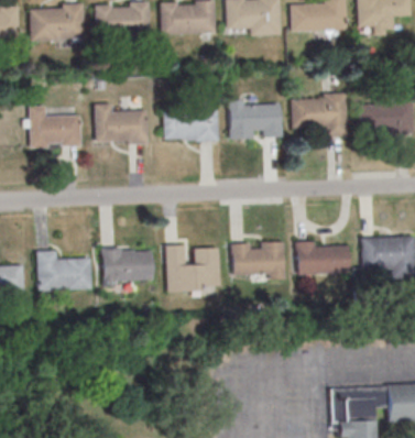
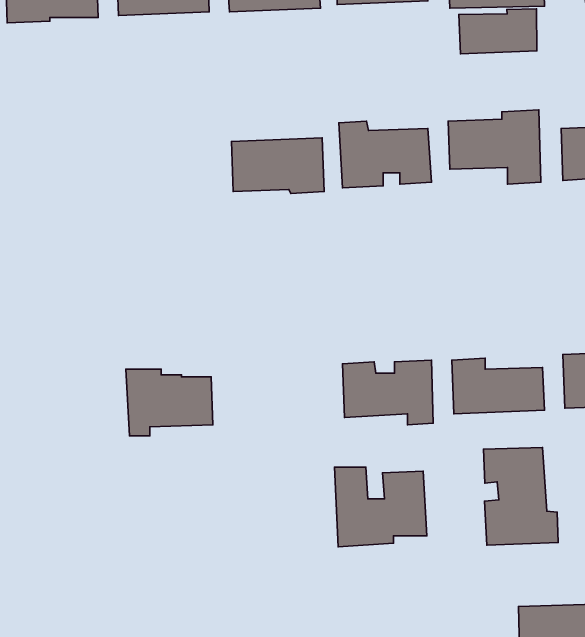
building: none -> [459,9,537,54]
building: [35,107,84,147] -> none
building: [94,109,149,142] -> none
building: [164,244,219,292] -> [334,467,427,547]
building: [35,250,91,291] -> none
building: none -> [484,447,558,545]

